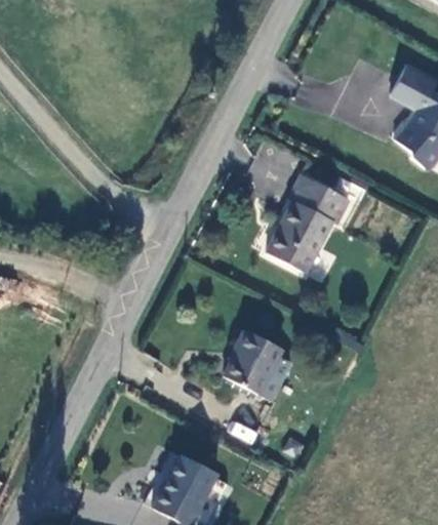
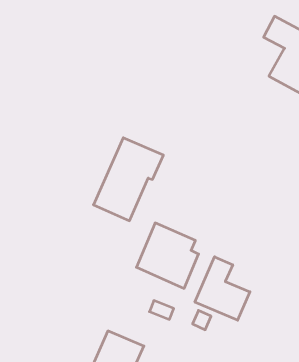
building: [263,170,354,275] -> [93,138,163,221]
building: none -> [195,257,250,320]

